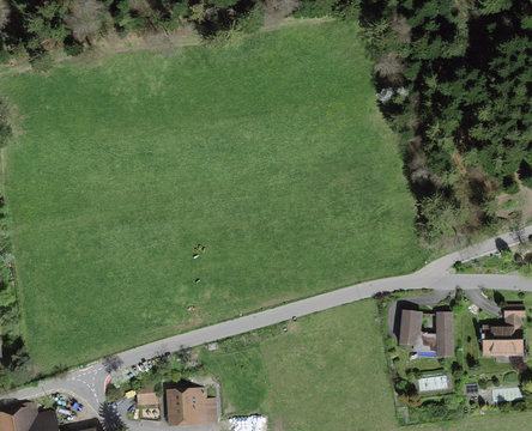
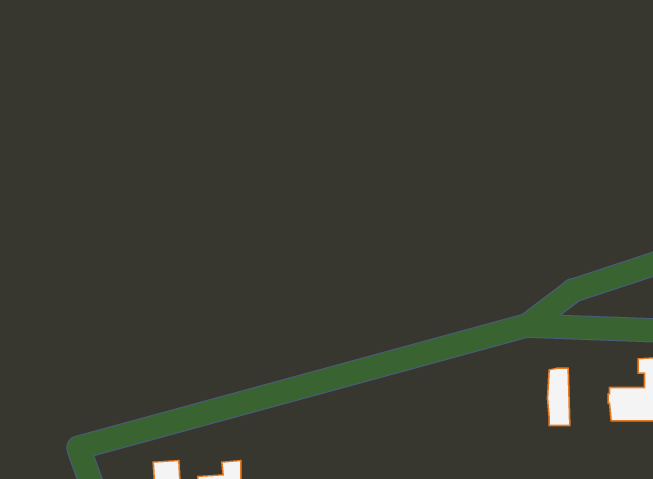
building: [399,311,436,351] -> none

